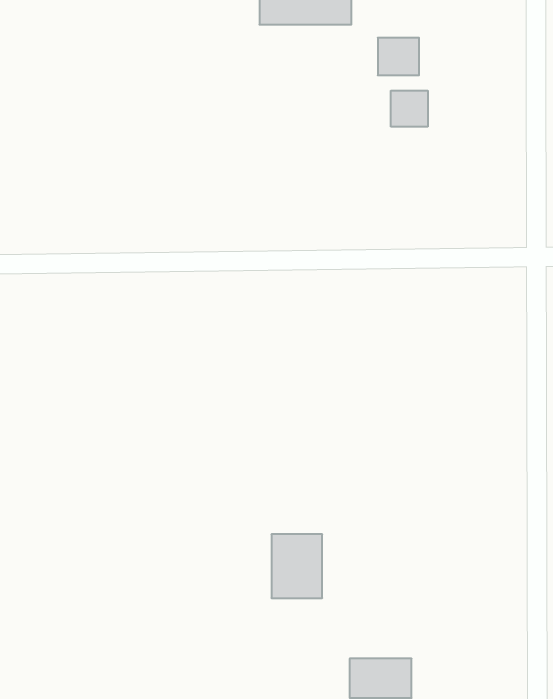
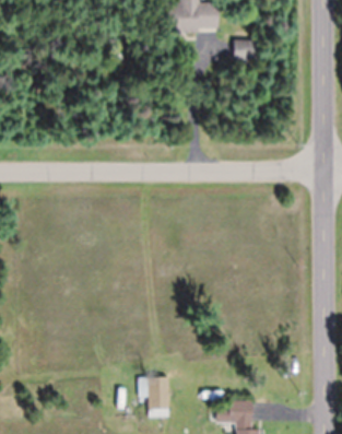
building: [391,91,428,127] -> none
building: [271,534,322,598] -> [140,377,169,414]

